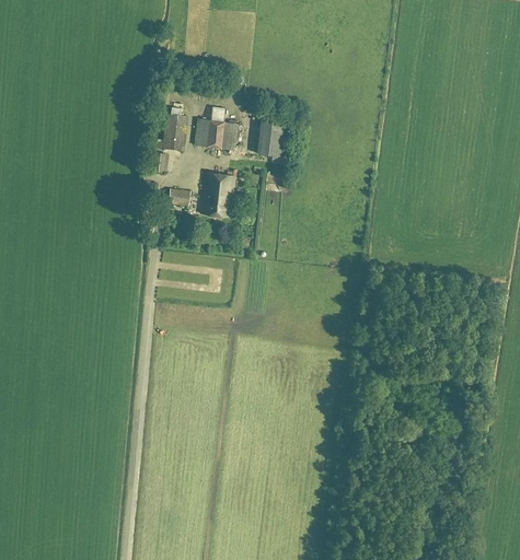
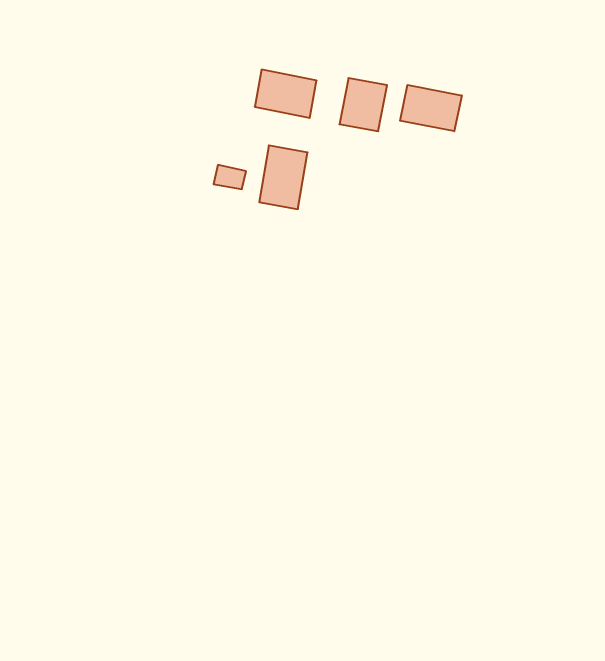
building: [161,106,187,150] -> none
building: none -> [400,85,462,131]

